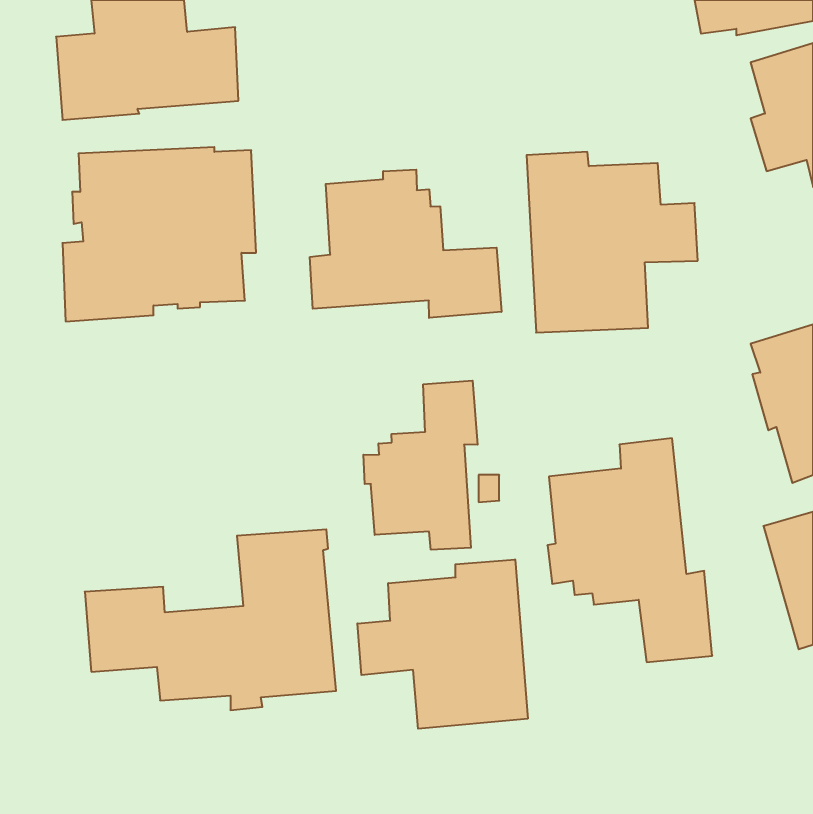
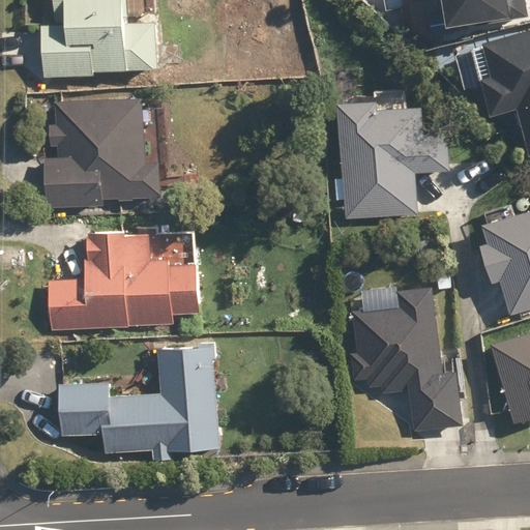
building: [310,170,501,318] -> none
building: none -> [46,230,195,331]
building: [363,381,478,550] -> none
building: [357,559,528,729] -> none

